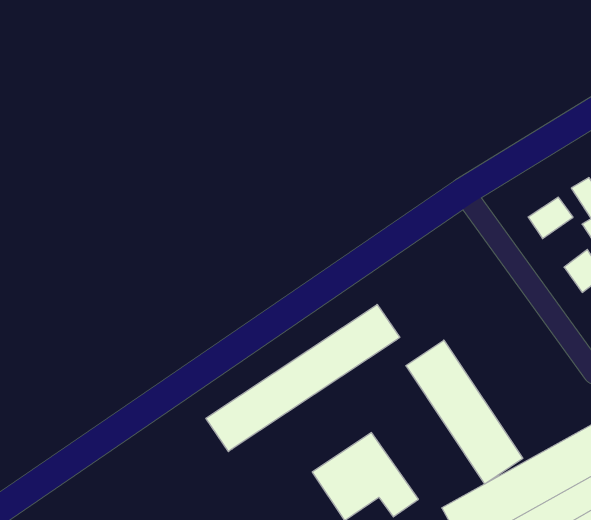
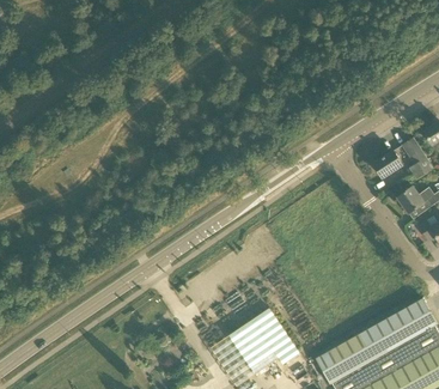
building: [206,304,400,452] -> none
building: [406,340,523,484] -> none

